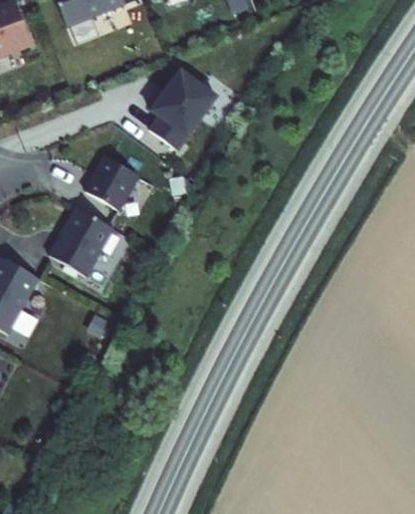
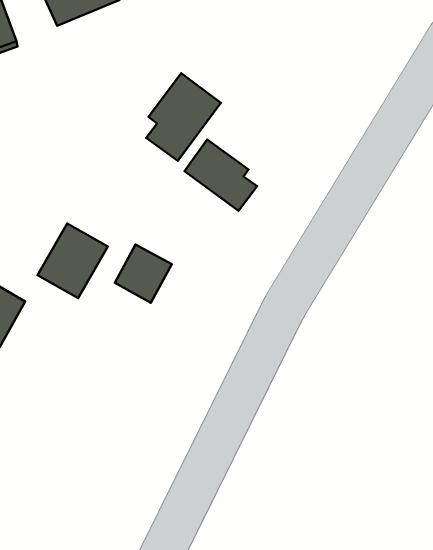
building: none -> [184,140,257,211]
building: [86,157,139,210] -> [115,244,172,303]

